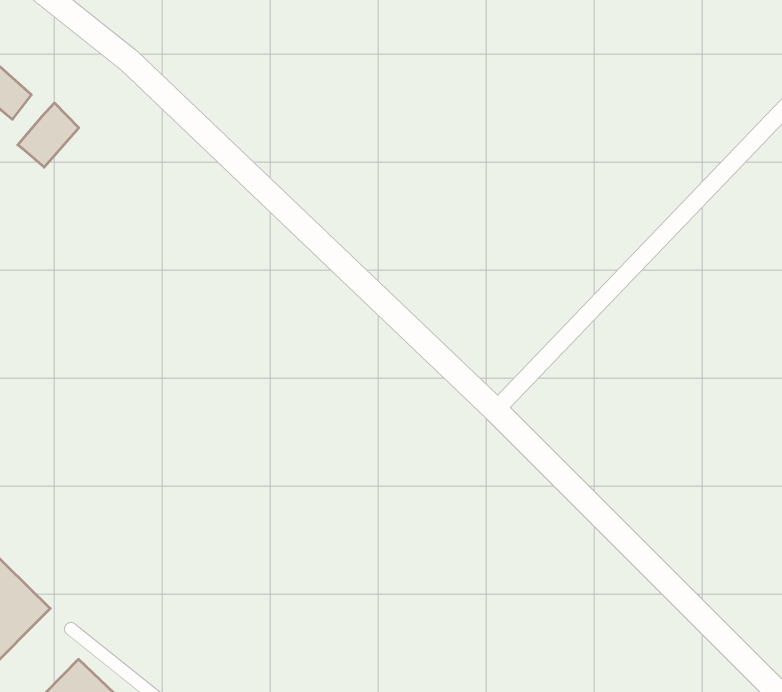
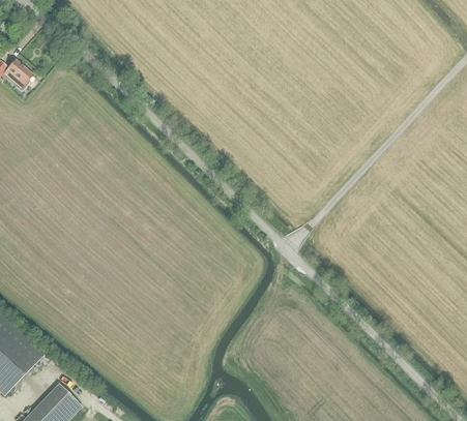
building: [18,103,79,167] -> none

